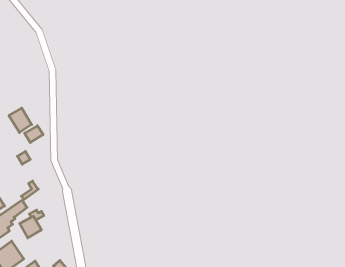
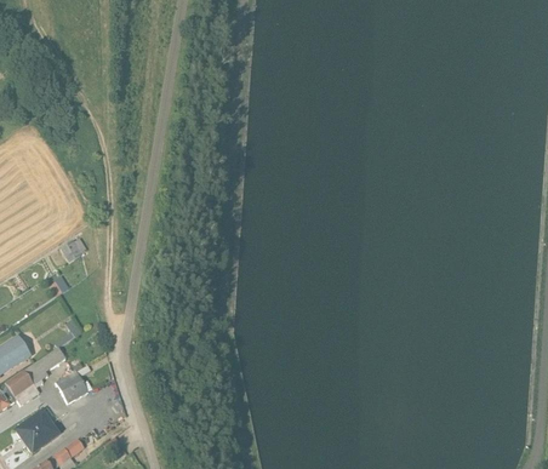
building: [9,108,32,133] -> none

